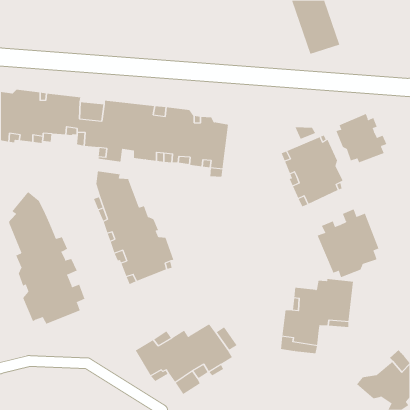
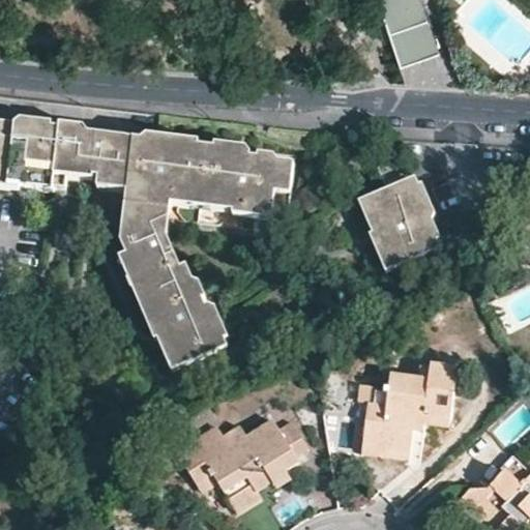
building: [336,113,387,163] -> none
building: none -> [125,193,172,232]
building: [8,191,85,324] -> none
building: [317,208,379,278] -> none

